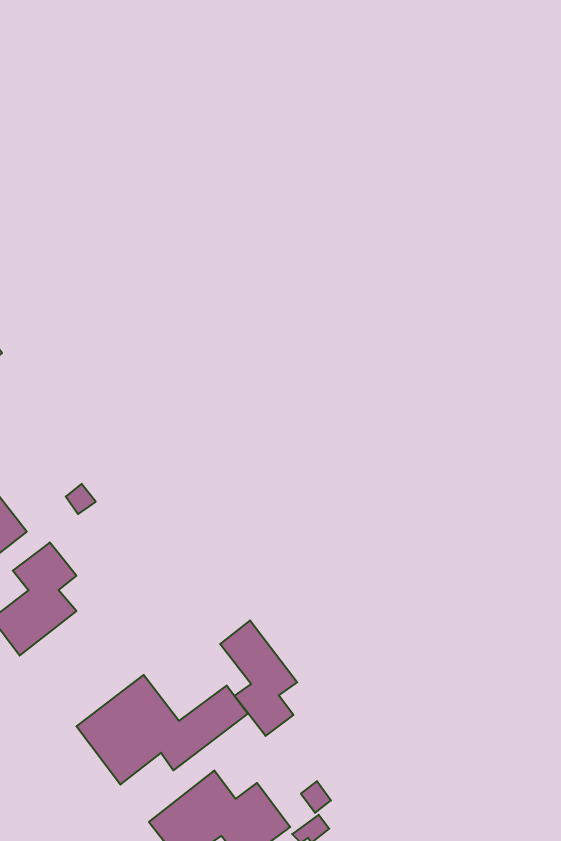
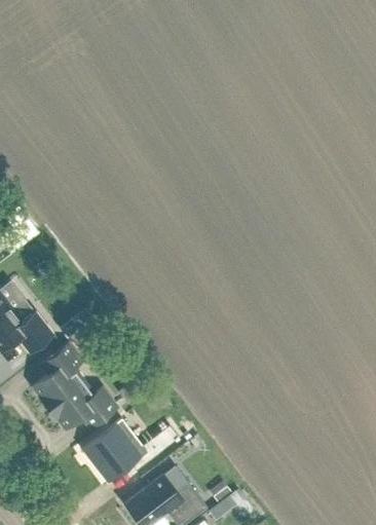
building: none -> [50,381,118,427]
building: [220,620,297,736] -> none

